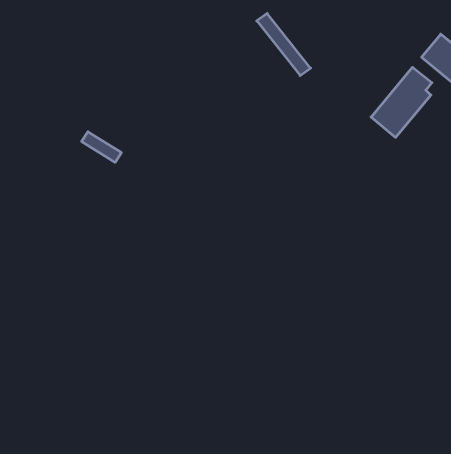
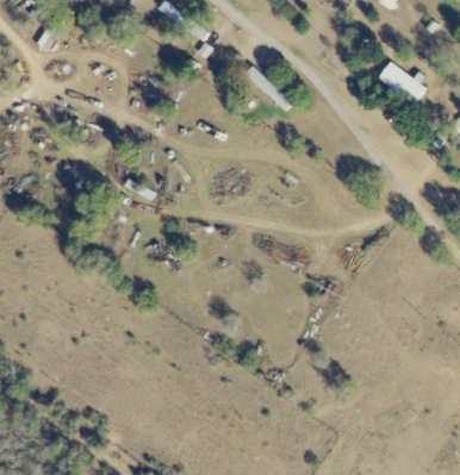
building: [371,67,432,137] -> none

